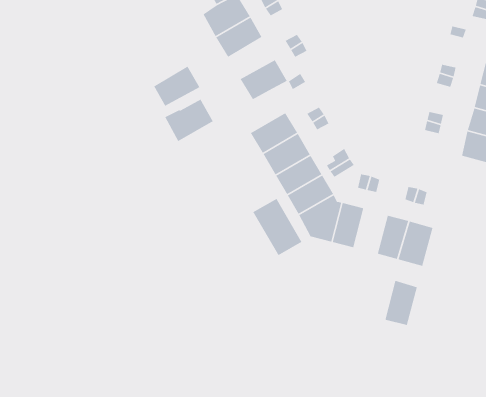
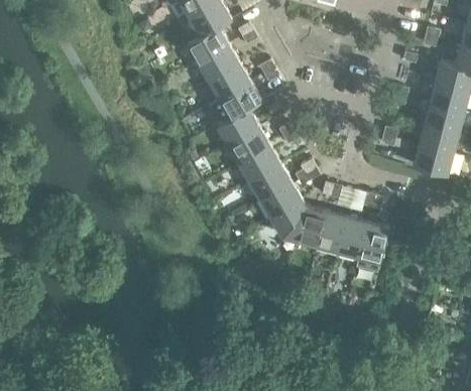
building: [153,65,200,107] -> [209,62,250,99]
building: [164,98,214,142] -> [216,108,259,146]
building: [252,198,302,256] -> none
building: [384,280,418,326] -> [319,212,348,252]

